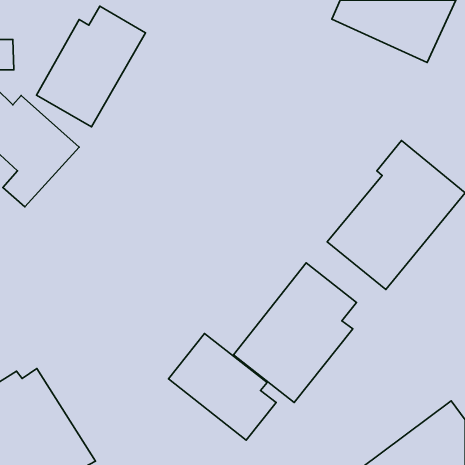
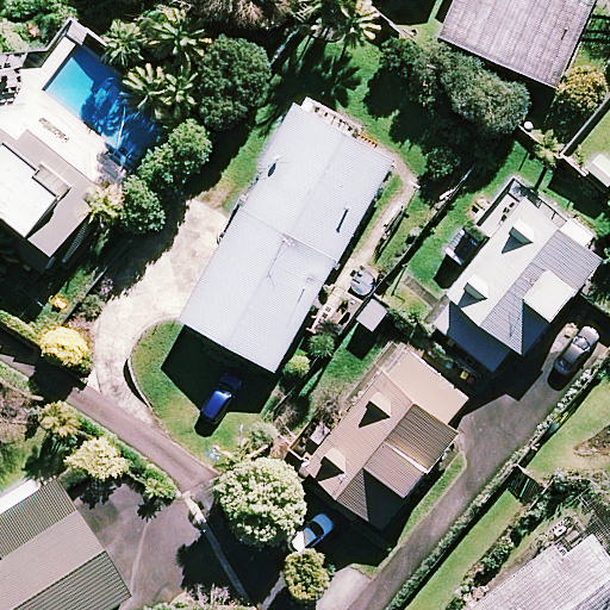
building: [36,6,145,127] -> none
building: none -> [180,108,392,371]
building: [169,333,276,440] -> none

